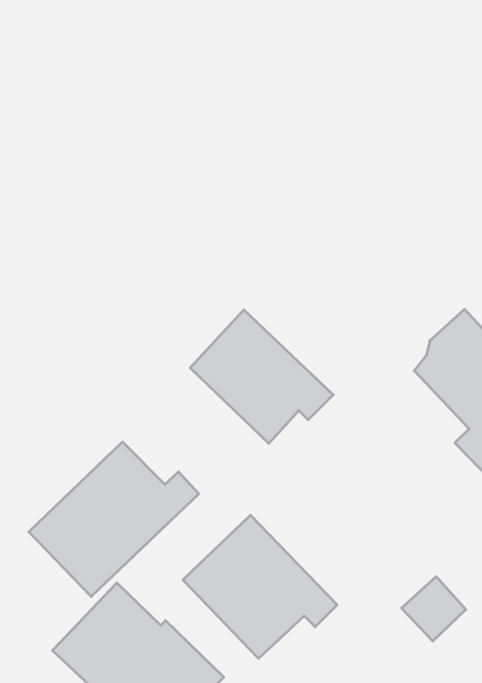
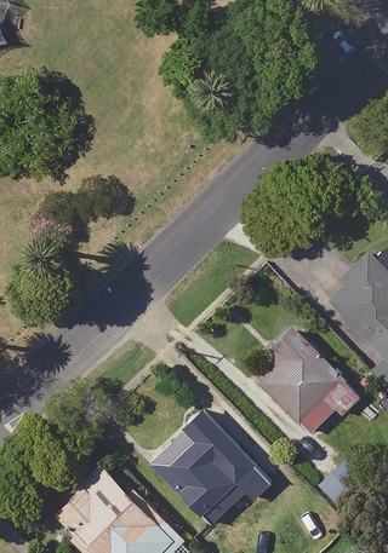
building: [190,310,333,443] -> [252,330,363,433]
building: [29,442,199,597] -> none

